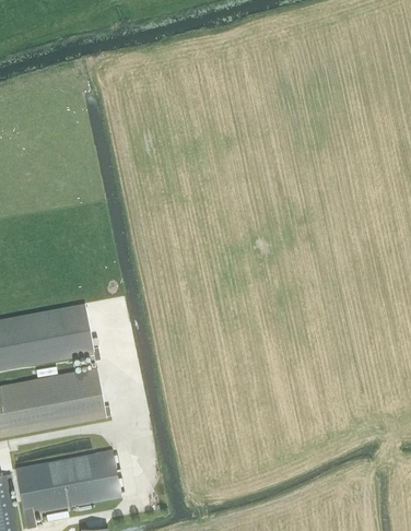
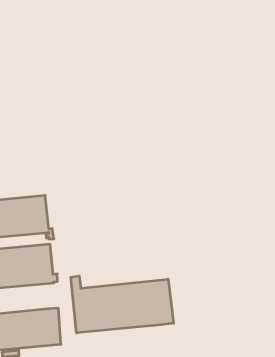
building: none -> [71,276,174,333]

